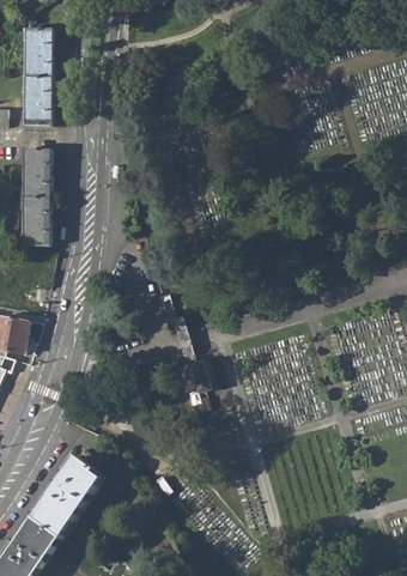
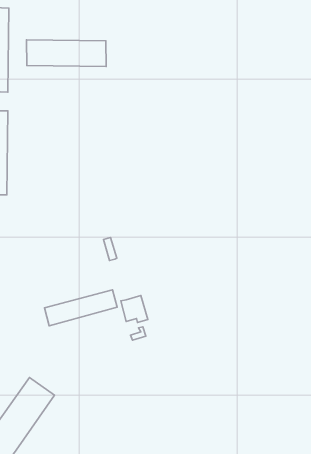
building: none -> [27,40,106,66]
building: none -> [44,290,117,326]

